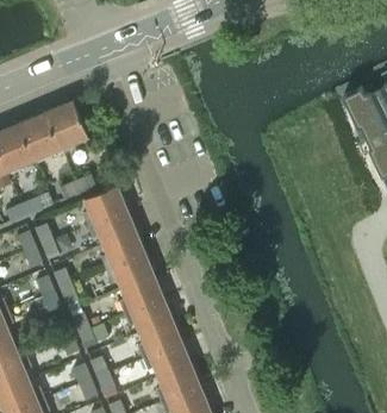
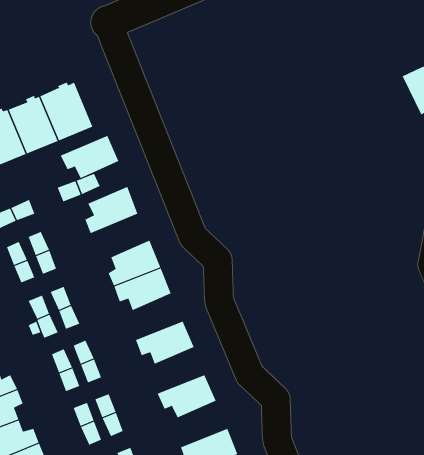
building: [87,209,136,245] -> [60,135,119,179]
building: [119,275,163,313] -> none
building: [137,319,181,357] -> none
building: [156,363,200,401] -> none

